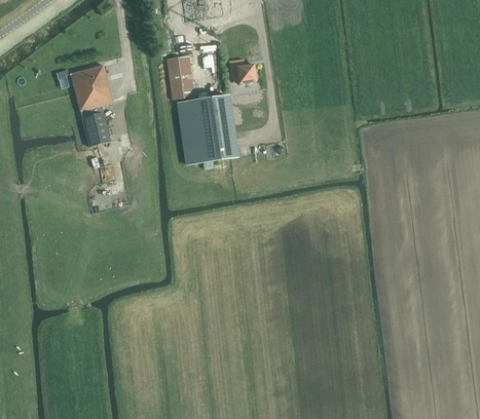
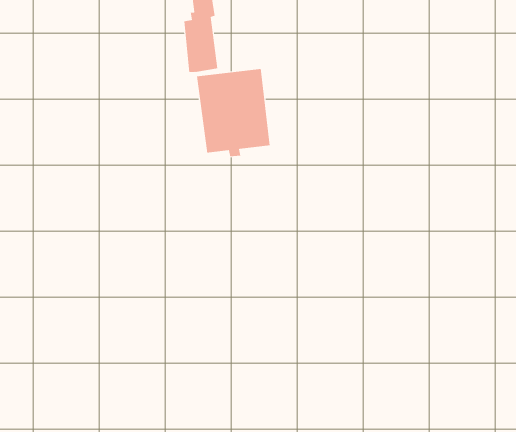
building: [230,58,255,81] -> none
building: [70,65,113,146] -> none

